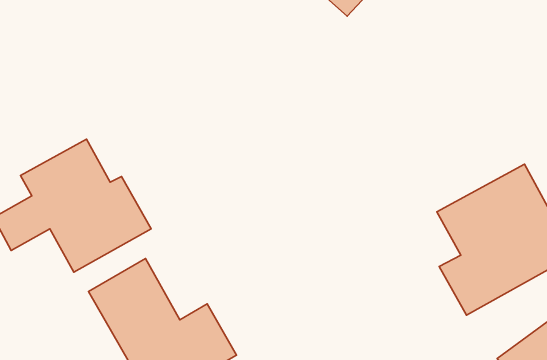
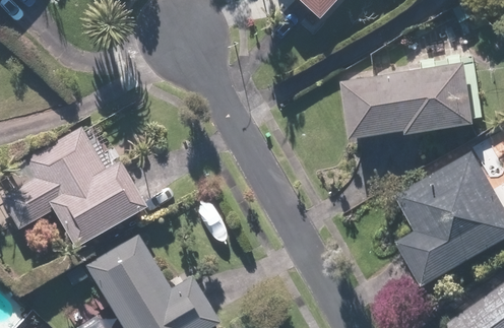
building: none -> [348,64,476,140]

